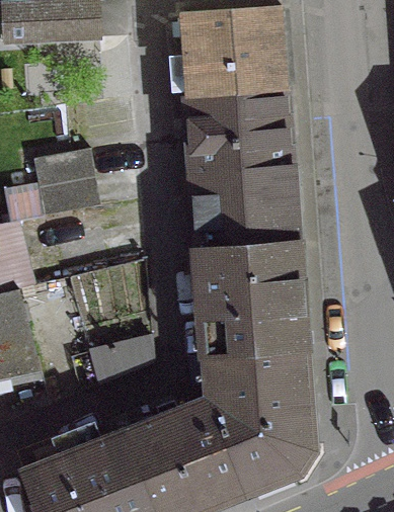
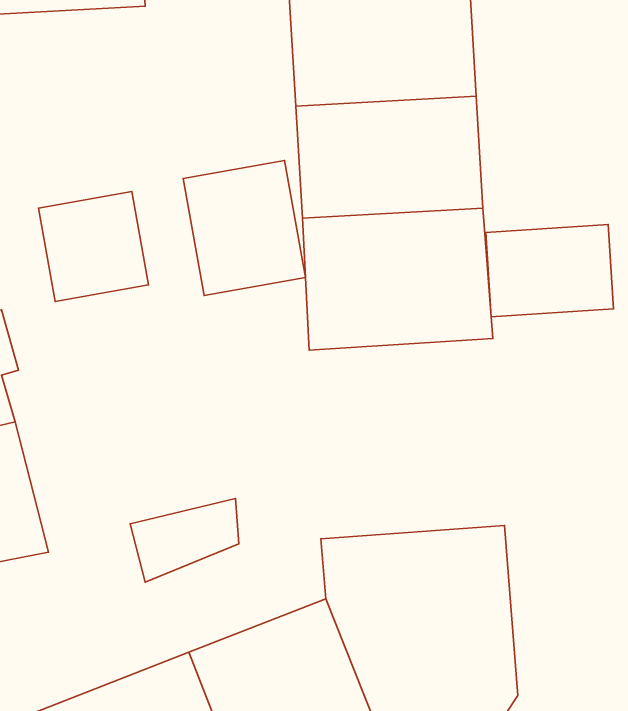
building: none -> [183,160,305,296]
building: none -> [486,225,614,317]
building: [191,239,310,360] -> none

